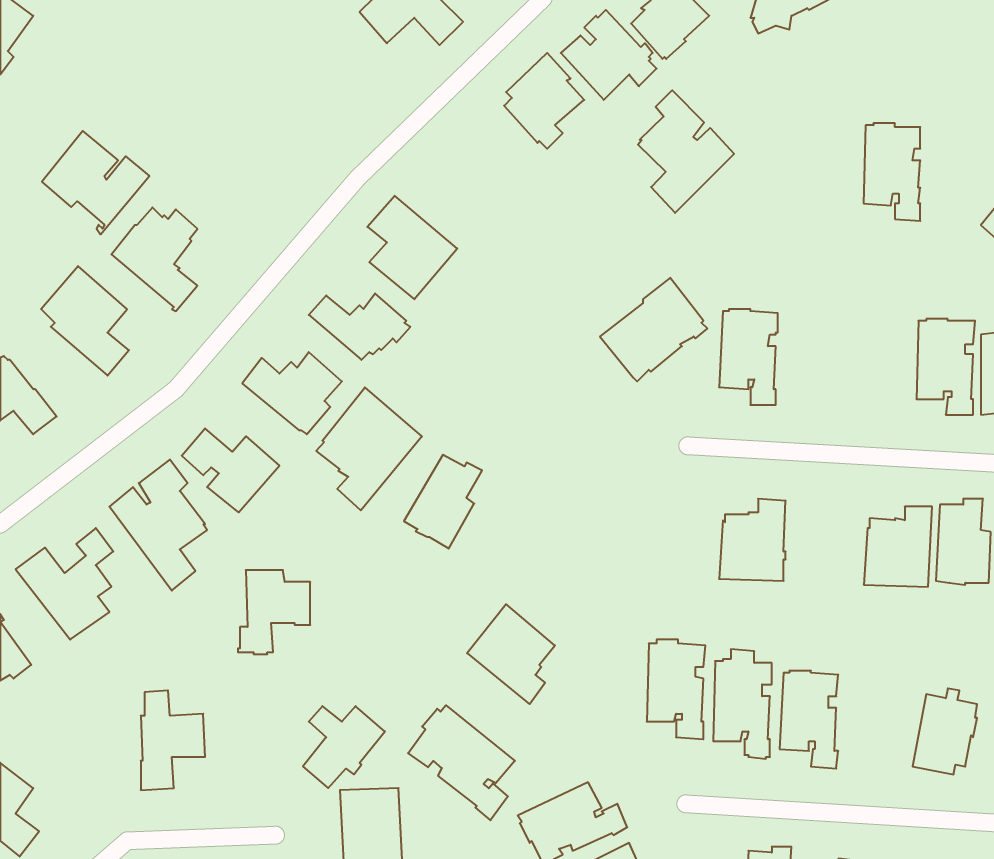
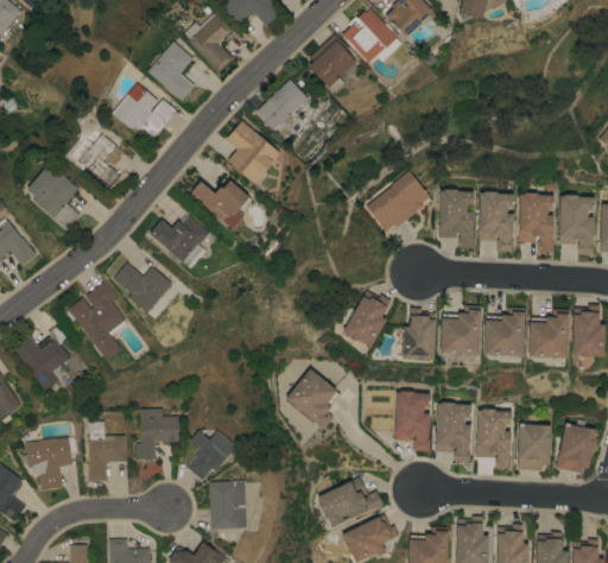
building: none -> [184,12,234,72]
building: none -> [147,40,195,100]
building: [638,90,734,213] -> none
building: [864,123,920,221] -> [519,192,553,252]
building: none -> [256,78,309,131]
building: [42,131,149,234] -> [113,82,178,145]
building: none -> [479,191,514,251]
building: [316,387,422,510] -> none
building: [404,455,482,549] -> [343,290,391,347]
building: none -> [401,306,436,360]
building: none -> [483,306,524,356]
building: [238,570,310,654] -> [135,409,179,460]
building: none -> [518,415,552,470]
building: [408,705,515,820] -> none
building: none -> [25,437,76,489]

